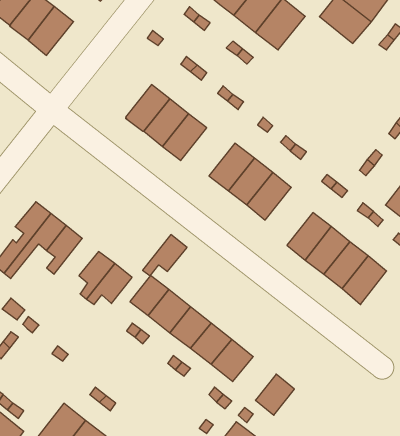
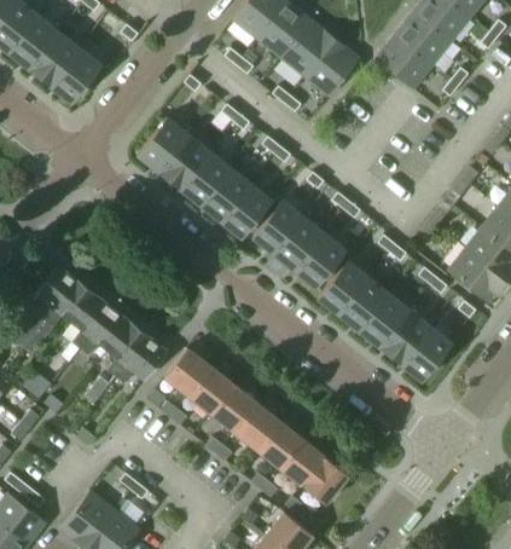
building: none -> [138,117,188,171]
building: none -> [221,183,271,236]
building: none -> [318,260,368,313]
building: [143,235,187,276] -> [80,306,129,352]
building: none -> [279,438,327,486]

